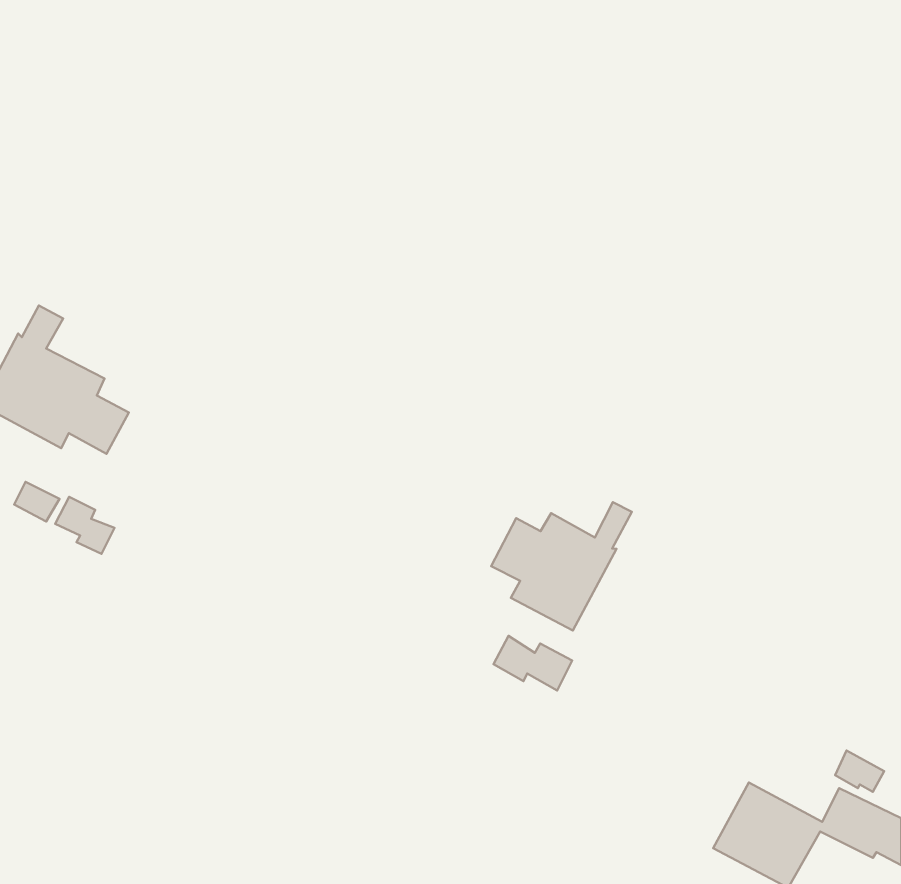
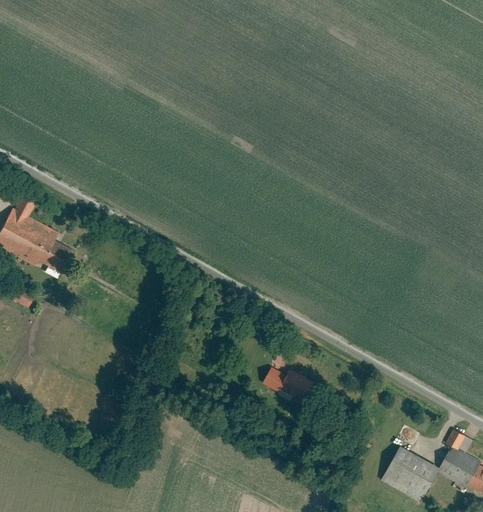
building: [55,497,114,554] -> none
building: [491,502,632,631] -> none

